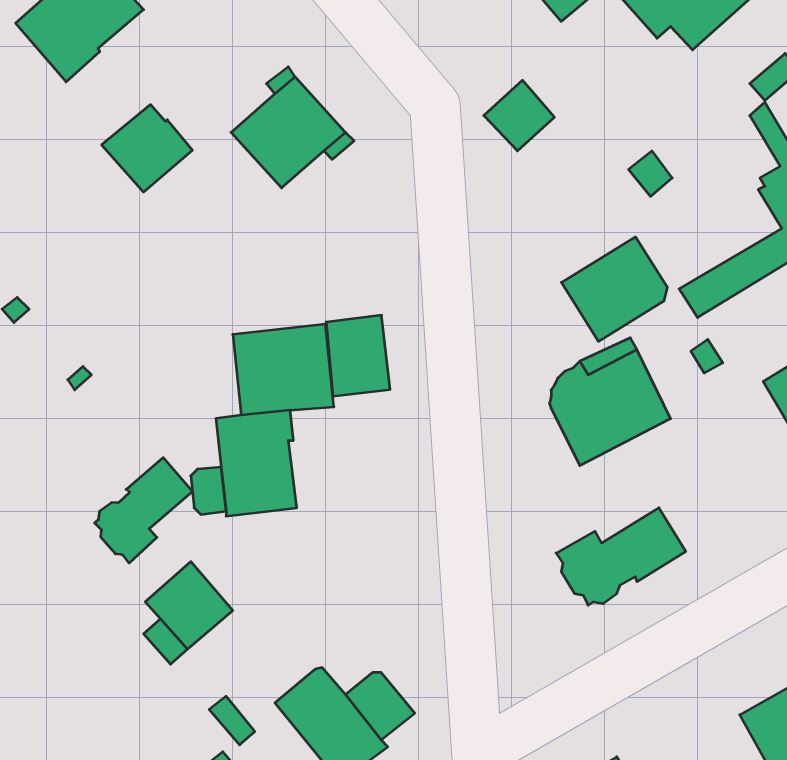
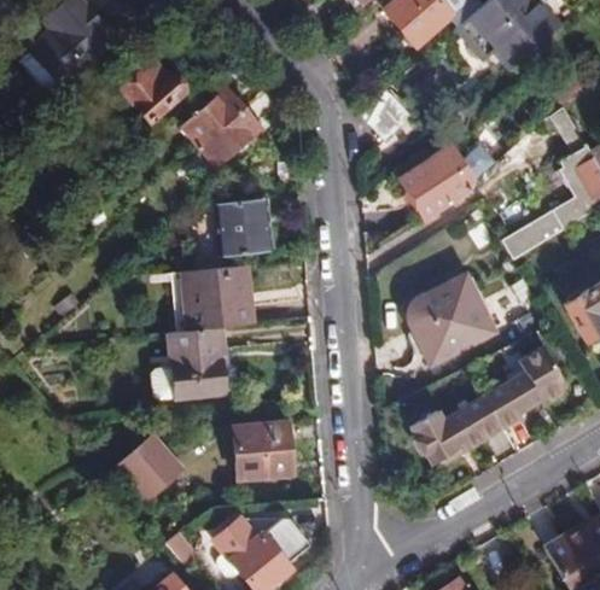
building: [102,105,192,192] -> [118,59,184,122]
building: [561,237,667,341] -> [400,145,476,220]
building: [326,315,390,396] -> [220,197,266,255]
building: none -> [487,346,569,427]
building: [95,458,192,563] -> none
building: none -> [233,421,292,477]

